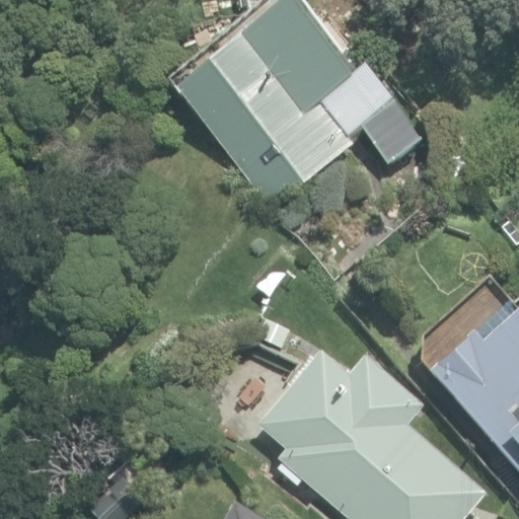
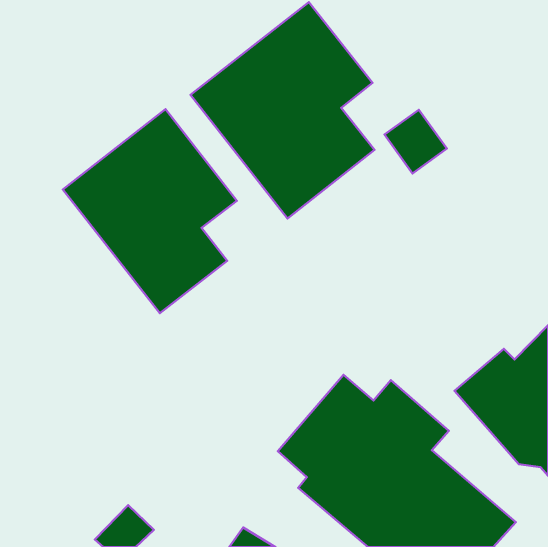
building: none -> [63,109,237,313]

